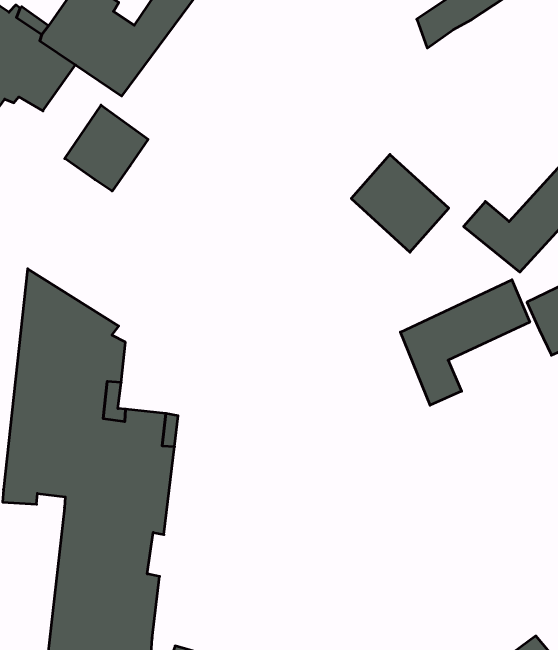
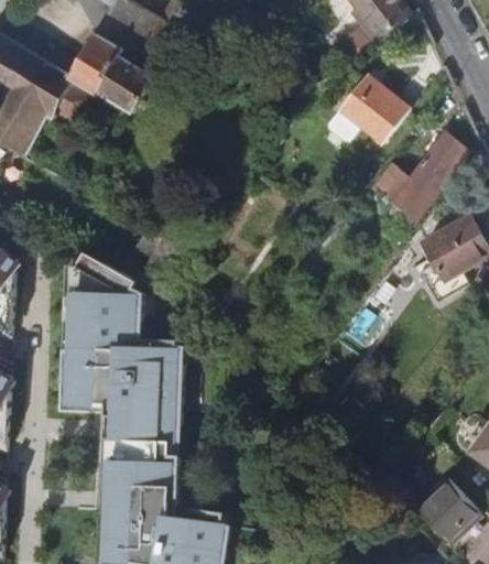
building: [65,105,148,191] -> none
building: [351,154,449,252] -> [338,75,408,143]
building: [400,280,530,405] -> none

